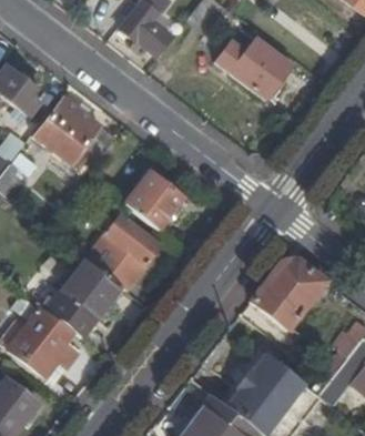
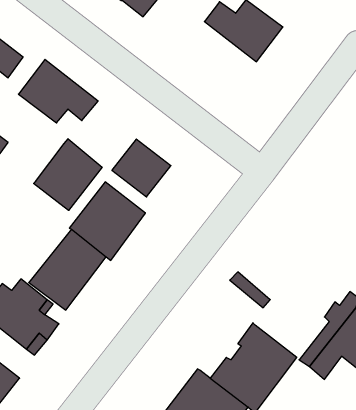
building: none -> [34,139,102,210]
building: [250,255,326,327] -> none

